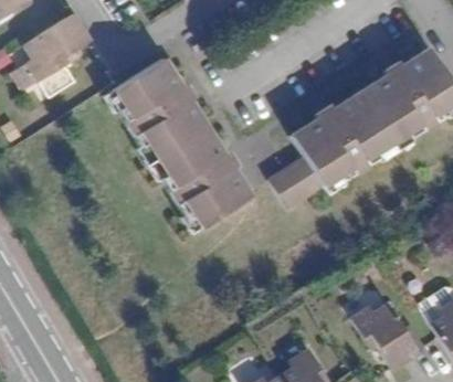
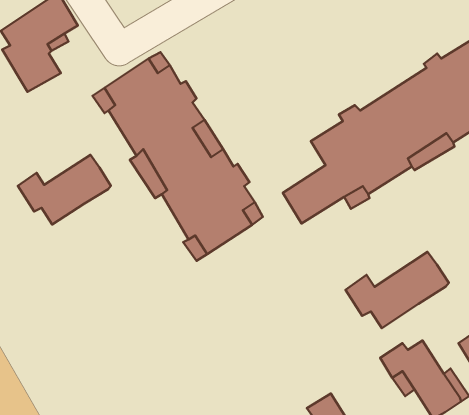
building: none -> [18,155,111,224]
building: none -> [345,252,449,328]

